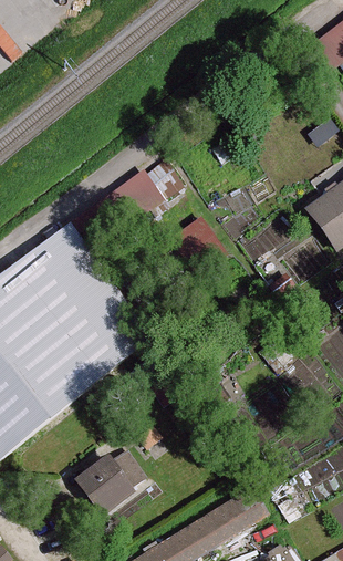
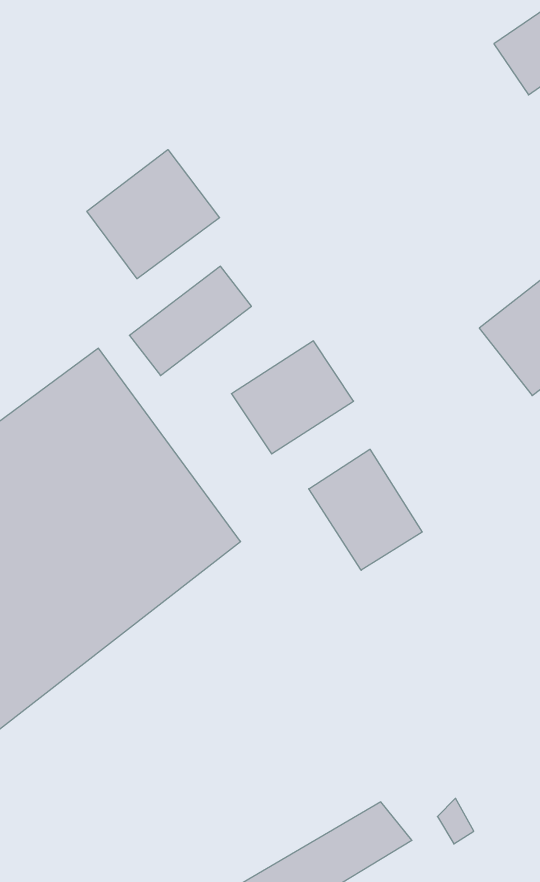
building: none -> [87,150,220,279]
building: none -> [309,449,422,570]
building: [77,448,147,515] -> none

